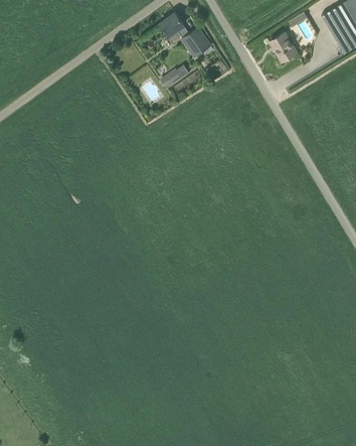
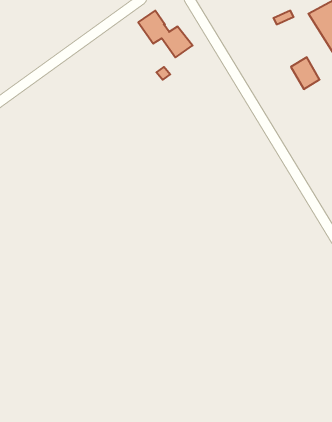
building: [270,32,297,62] -> [291,57,320,89]

